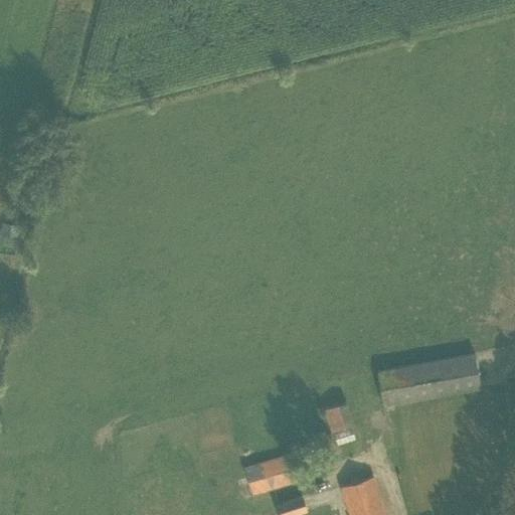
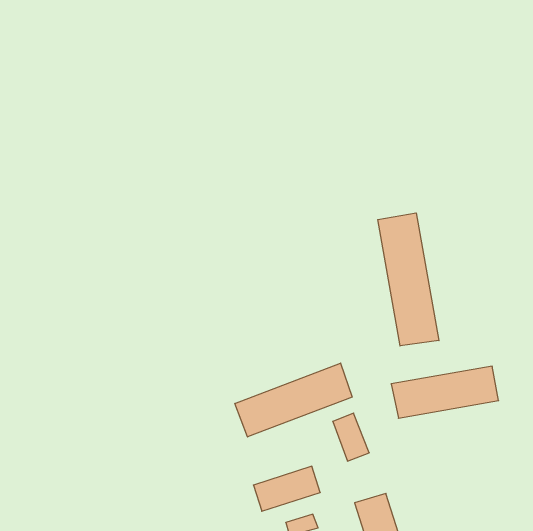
building: none -> [378,213,439,346]
building: none -> [235,363,352,437]

